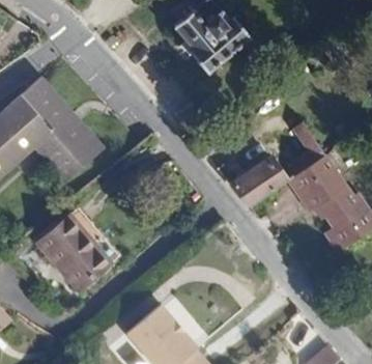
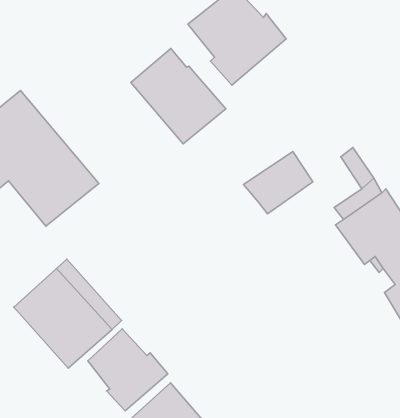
building: none -> [131,48,226,144]
building: [230,159,284,207] -> [244,151,313,214]
building: none -> [88,329,168,411]

